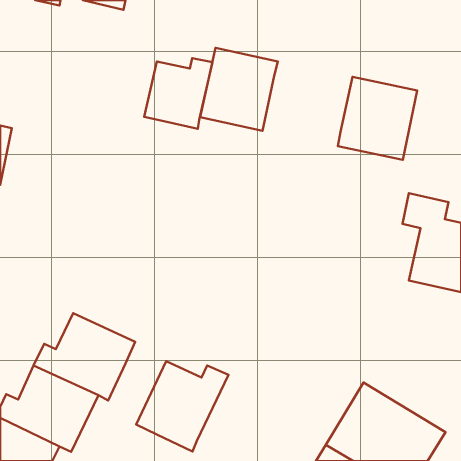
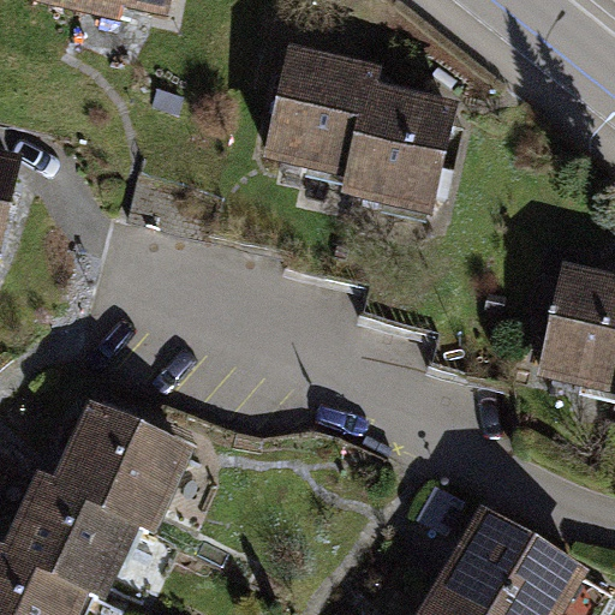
building: [144,58,212,129] -> none
building: [338,77,417,160] -> [346,101,452,211]
building: [136,361,229,452] -> none

